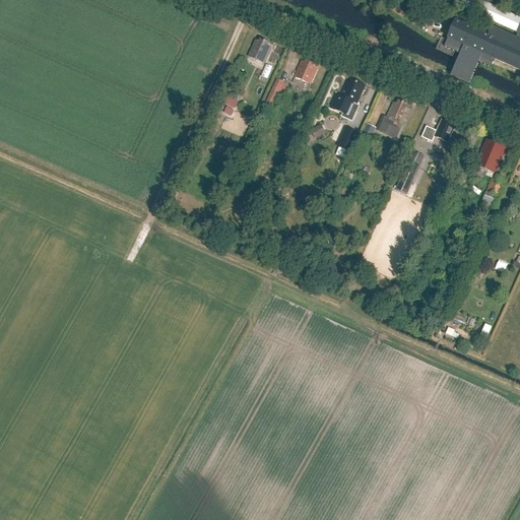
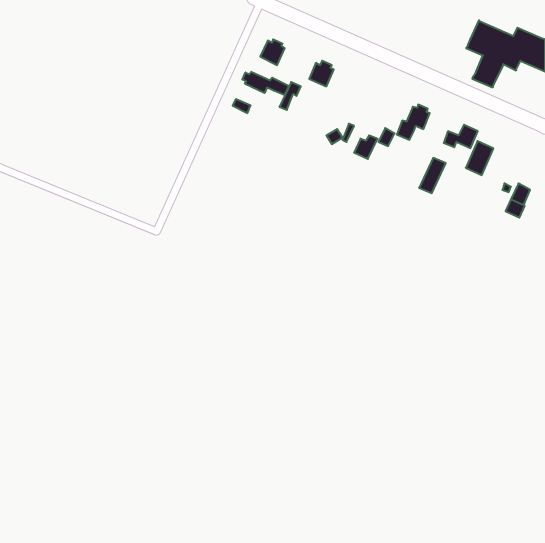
building: none -> [242,72,289,95]
building: [330,78,365,113] -> none
building: [477,139,504,172] -> [466,141,493,175]

